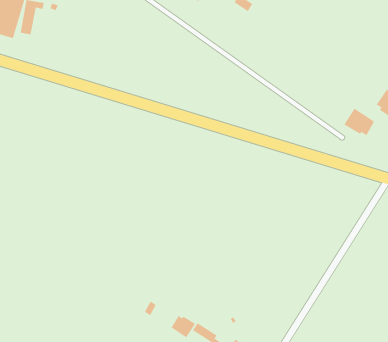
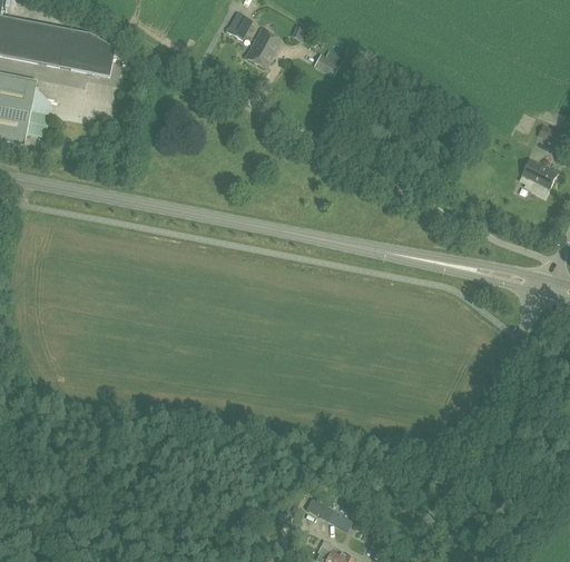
building: [344,108,375,136] -> none
building: [171,315,196,338] -> none

